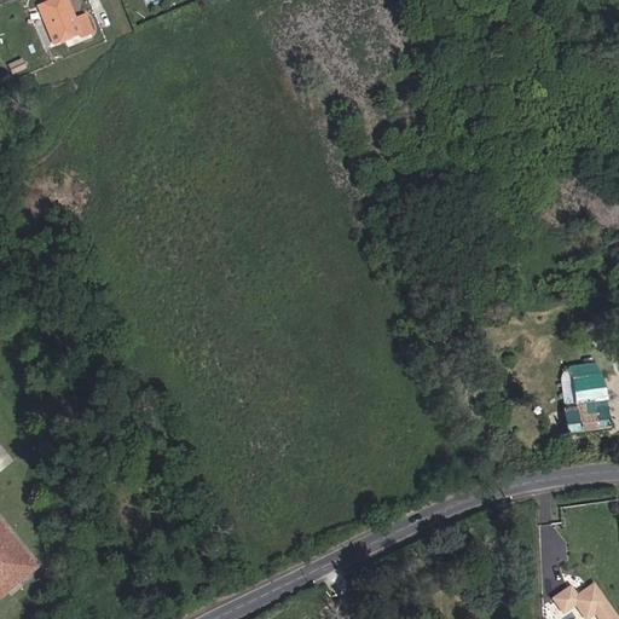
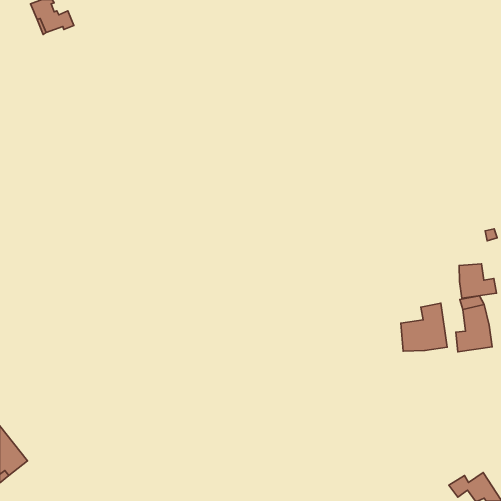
building: none -> [459,264,497,298]
building: none -> [401,303,447,351]

